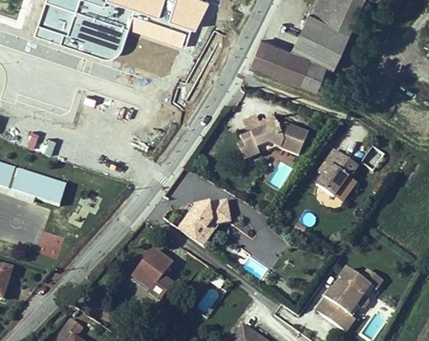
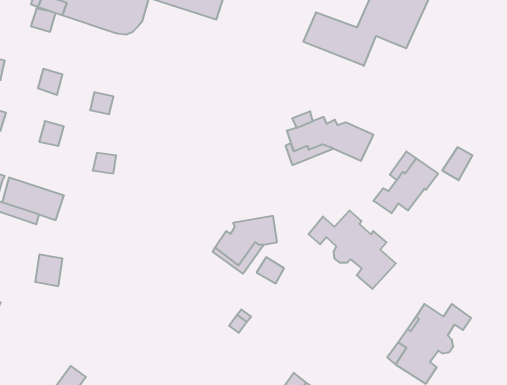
building: [299,56,328,86] -> none
building: none -> [308,210,396,289]
building: [134,248,172,289] -> none

